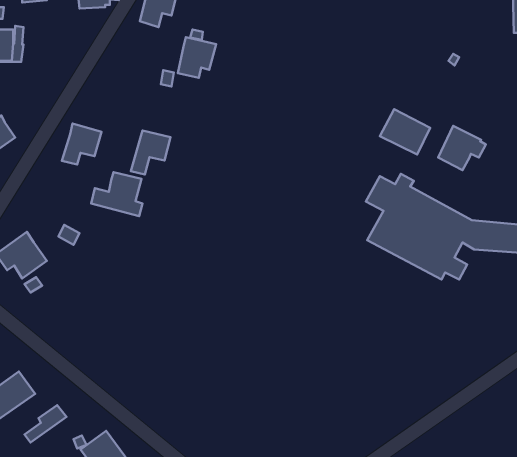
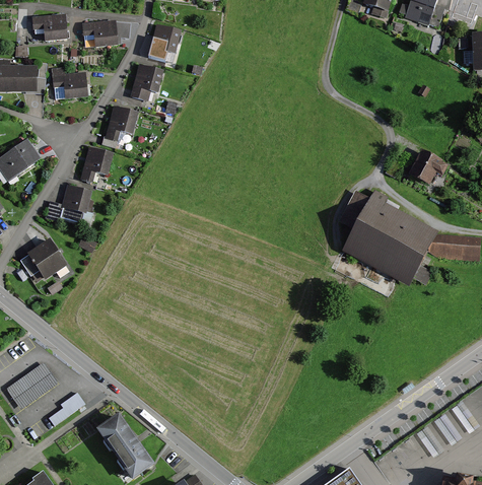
building: none -> [53,67,88,99]
building: [178,37,216,78] -> [131,65,164,100]
building: [380,109,430,155] -> none
building: [131,130,170,175] -> [104,108,138,146]
building: [91,172,143,216] -> [48,187,92,225]

